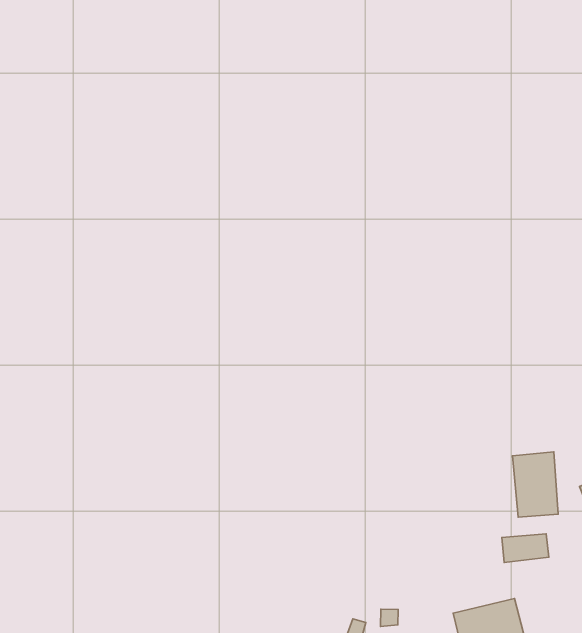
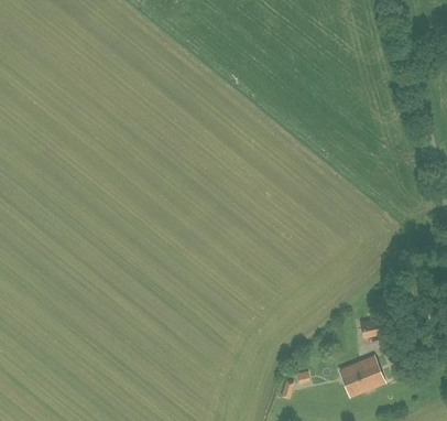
building: [512,452,558,517] -> none

